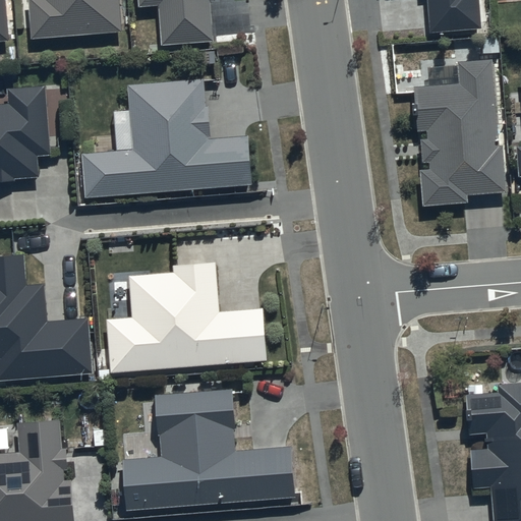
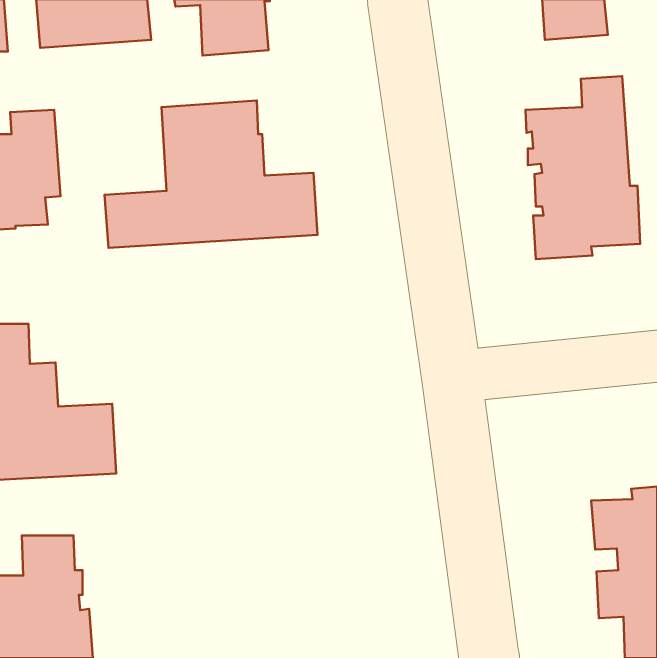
building: [107,264,266,372] -> none
building: [122,391,294,509] -> none

